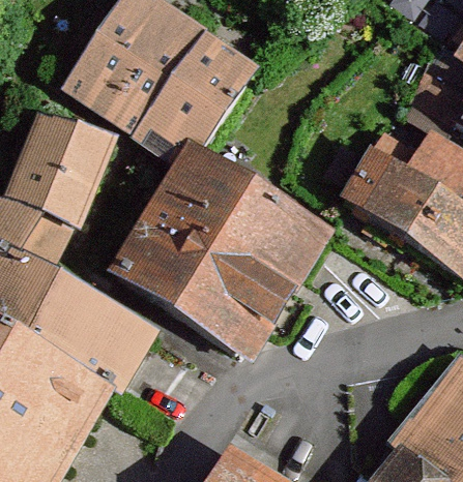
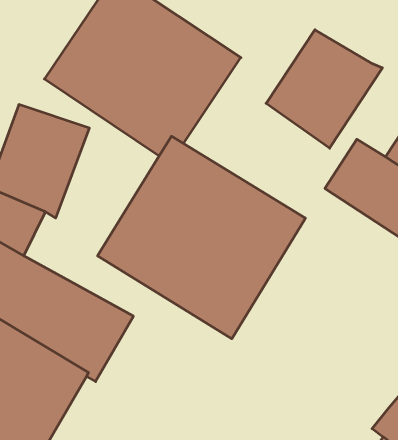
building: none -> [266,30,382,148]

